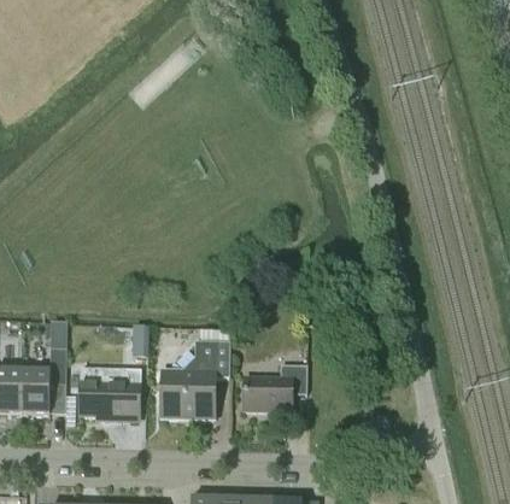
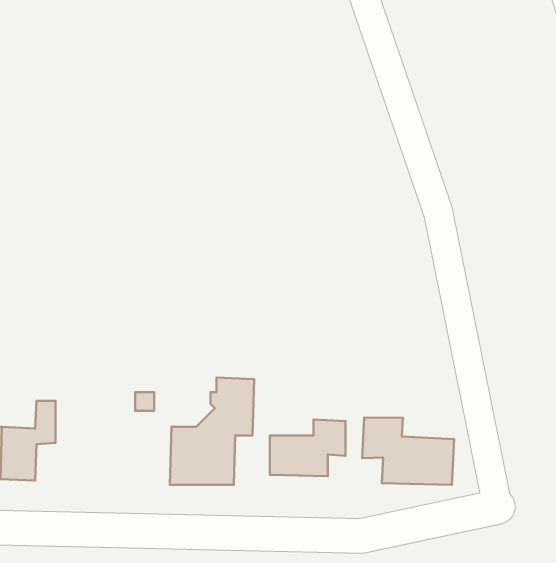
building: none -> [362,418,454,485]
building: [78,365,140,421] -> none

